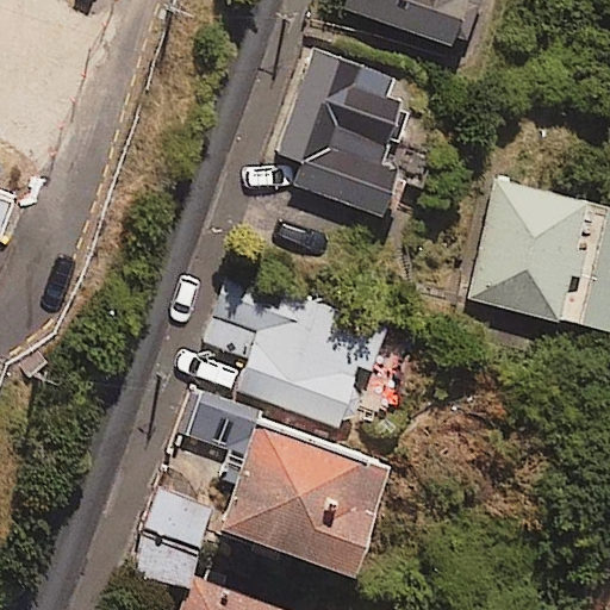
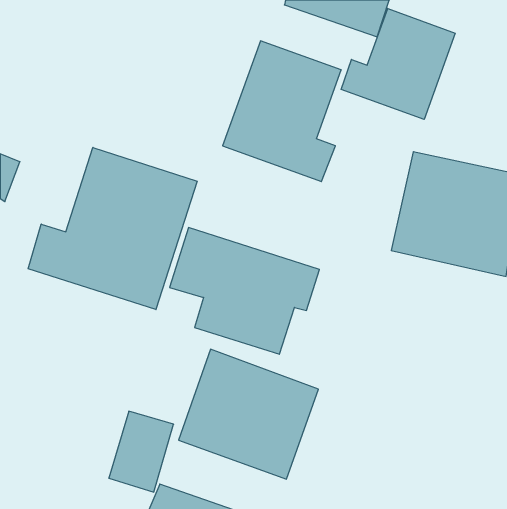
building: none -> [341,8,455,119]
building: none -> [28,147,197,310]

